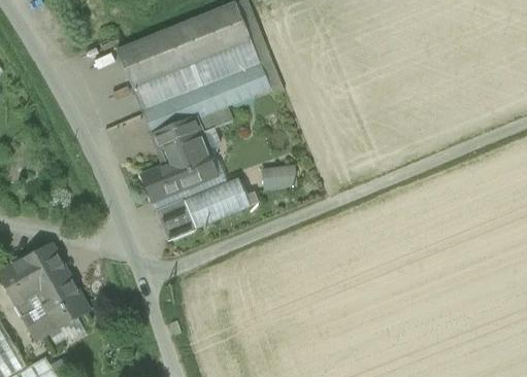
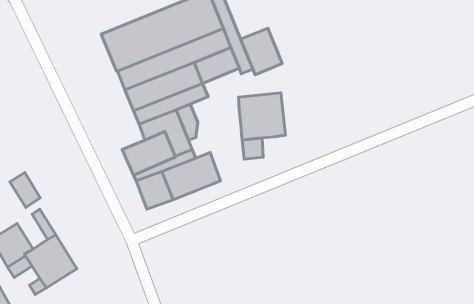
building: none -> [241,28,282,75]
building: none -> [239,93,286,140]
building: [24,246,57,284] -> [10,172,40,207]

